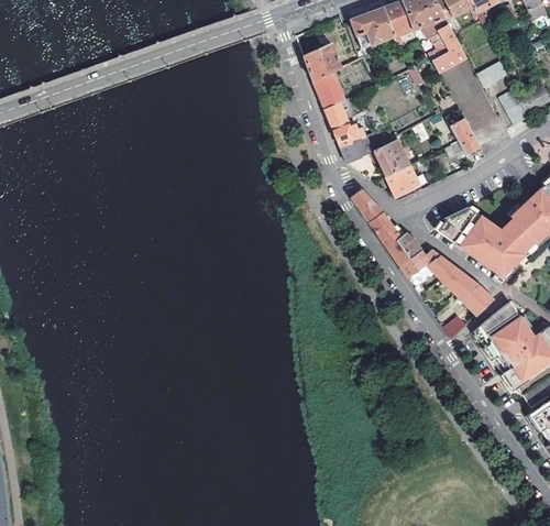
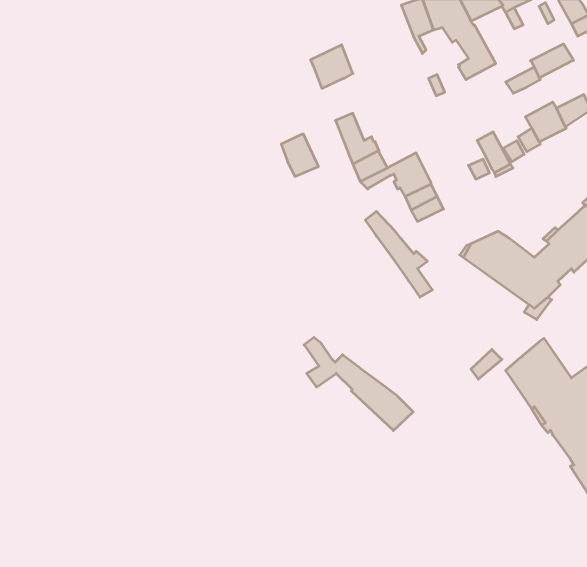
building: [350,6,394,46] -> none
building: none -> [530,44,574,78]
building: [312,70,345,108] -> [281,134,318,176]
building: [397,232,494,315] -> [304,337,413,431]

